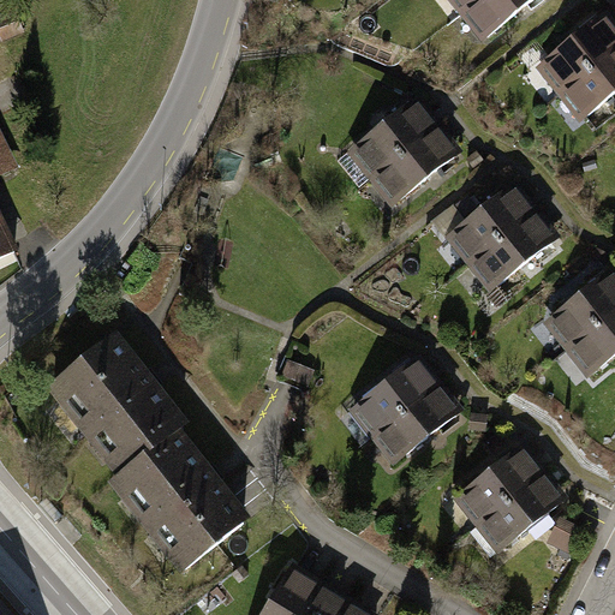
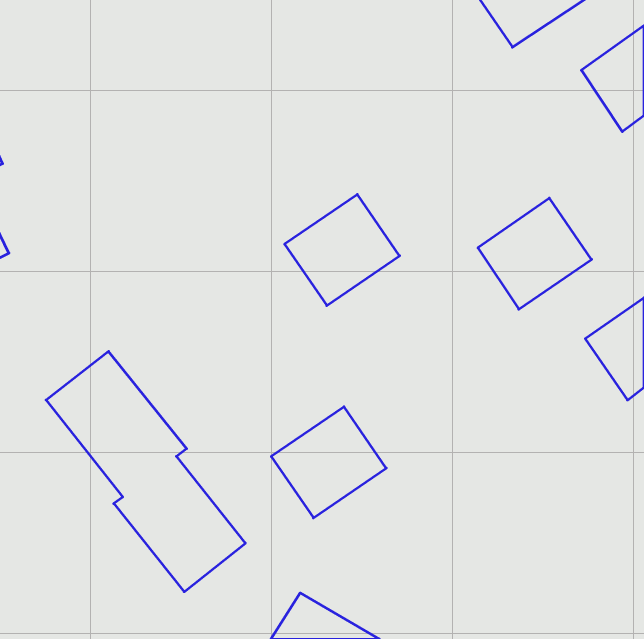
building: [346,101,454,205] -> [285,194,400,306]
building: [353,356,461,460] -> [271,407,386,518]
building: [455,443,562,548] -> none

